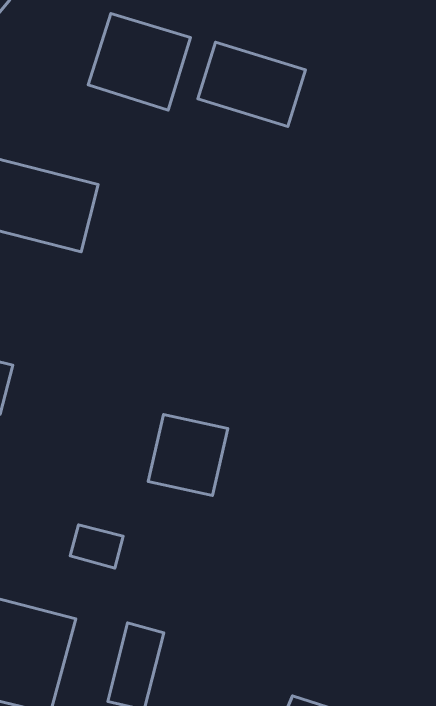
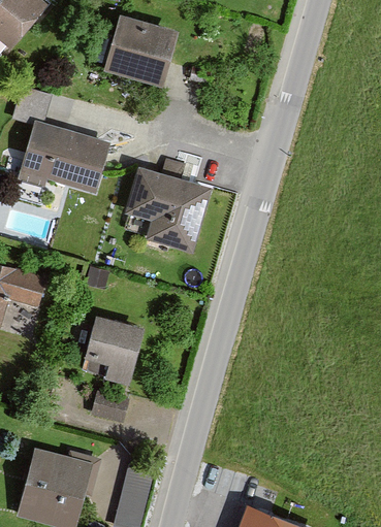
building: [198,42,305,127] -> none
building: none -> [125,167,213,254]
building: [148,414,228,496] -> [83,318,141,377]

